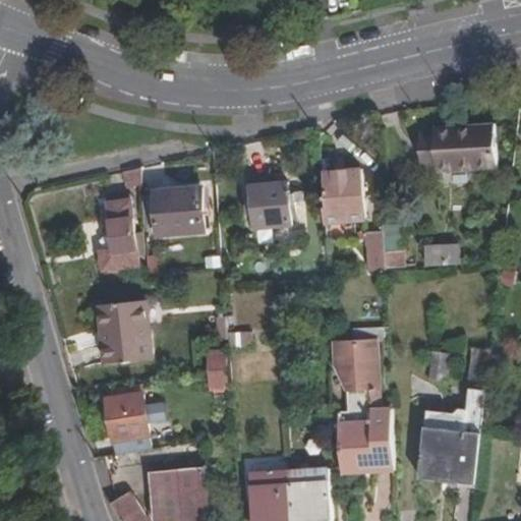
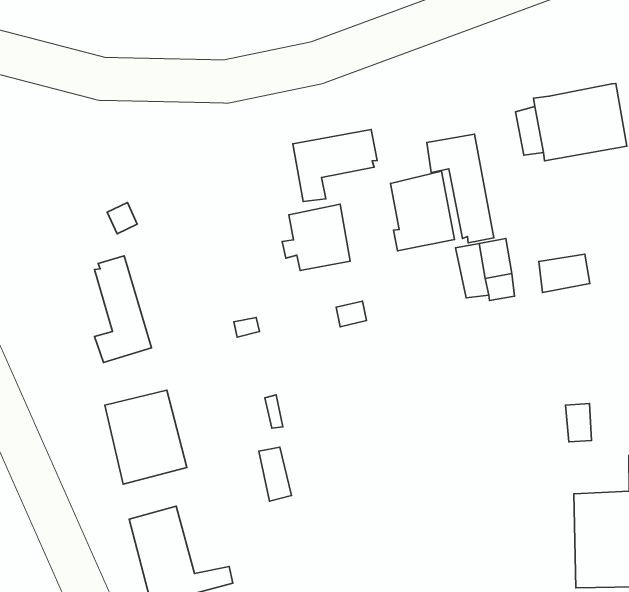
building: none -> [293,129,377,201]
building: none -> [427,134,494,243]
building: [154,189,205,236] -> none
building: [331,339,392,468] -> none

